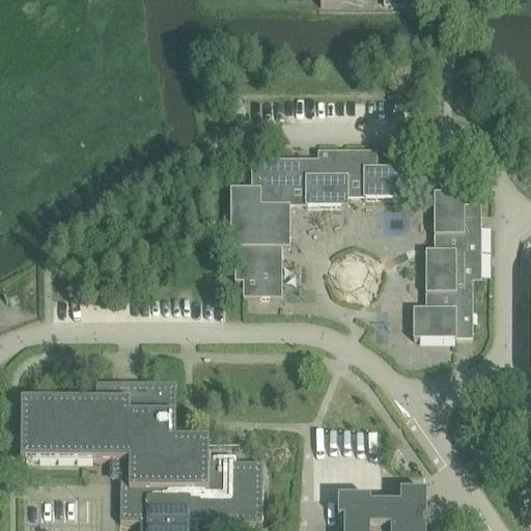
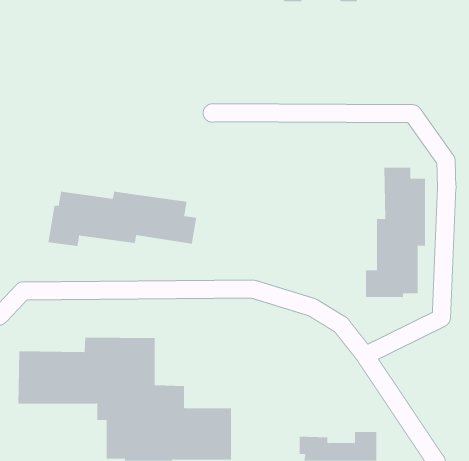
building: [229,147,406,295] -> none
building: none -> [48,191,197,247]

